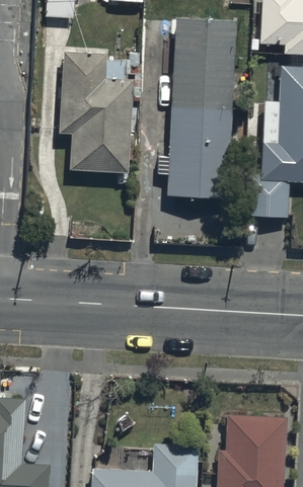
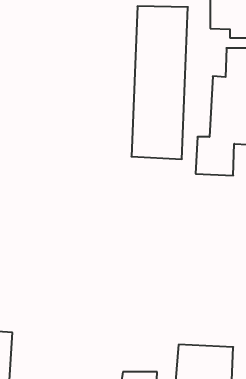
building: [58,52,131,172] -> none

